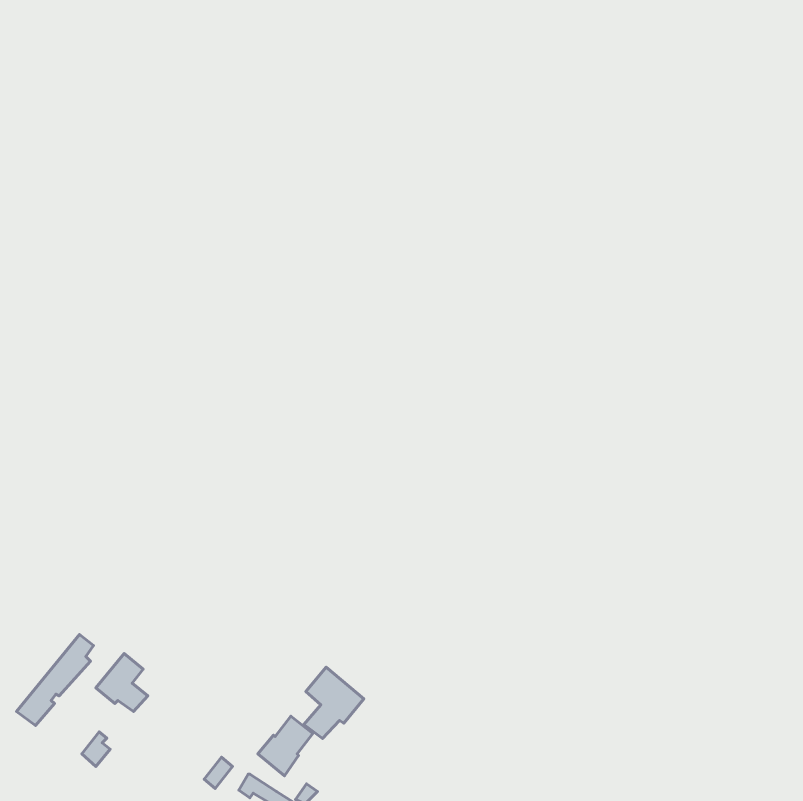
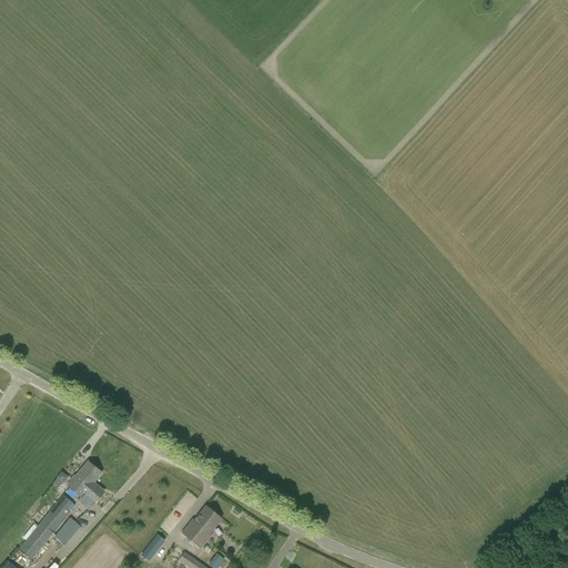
building: [17,634,94,726] -> [18,496,72,560]
building: [304,667,364,739] -> none

